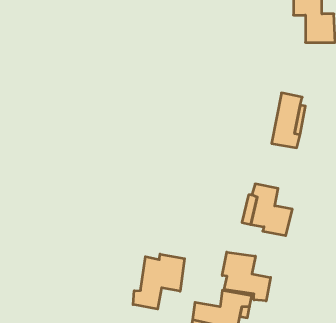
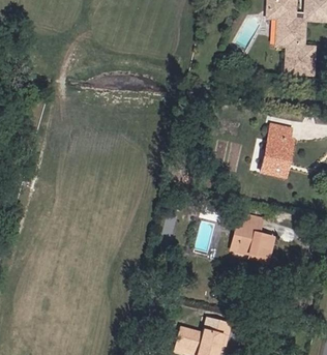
building: [222,252,271,301] -> none
building: [133,254,185,309] -> none

